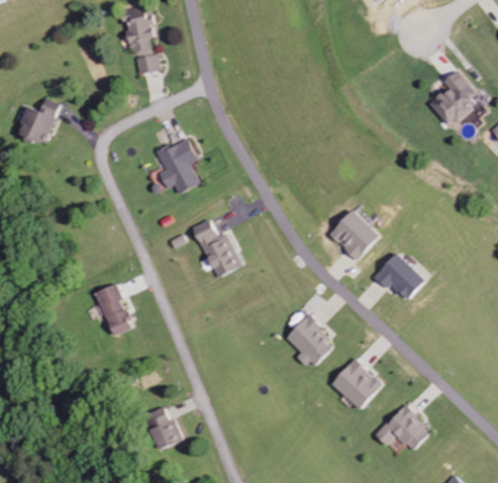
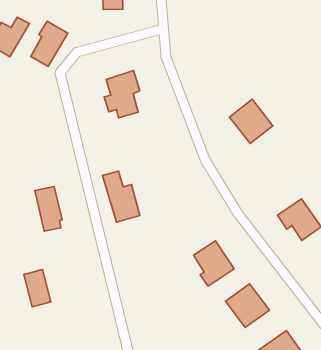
building: none -> [31,21,68,67]
building: [329,210,380,261] -> [230,99,273,144]
building: [192,219,241,278] -> [103,171,140,222]
building: [150,405,185,450] -> [24,269,51,307]

